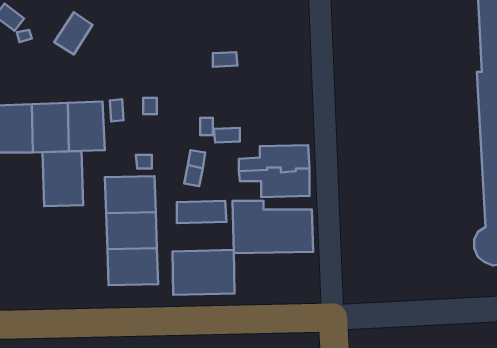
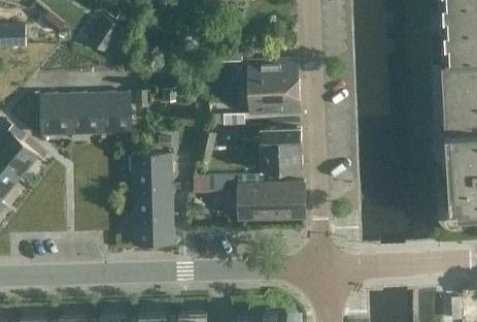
building: none -> [246,59,300,116]
building: [42,151,83,206] -> none
building: [172,250,234,295] -> none

